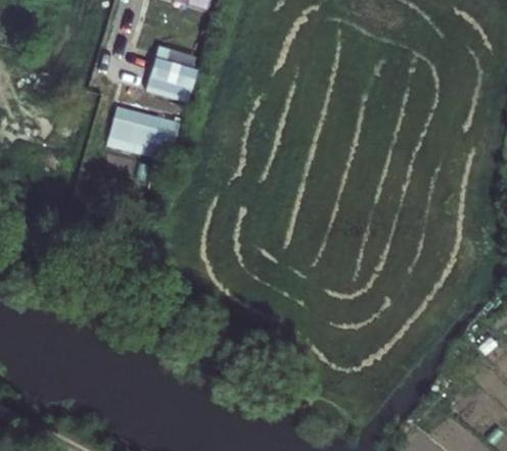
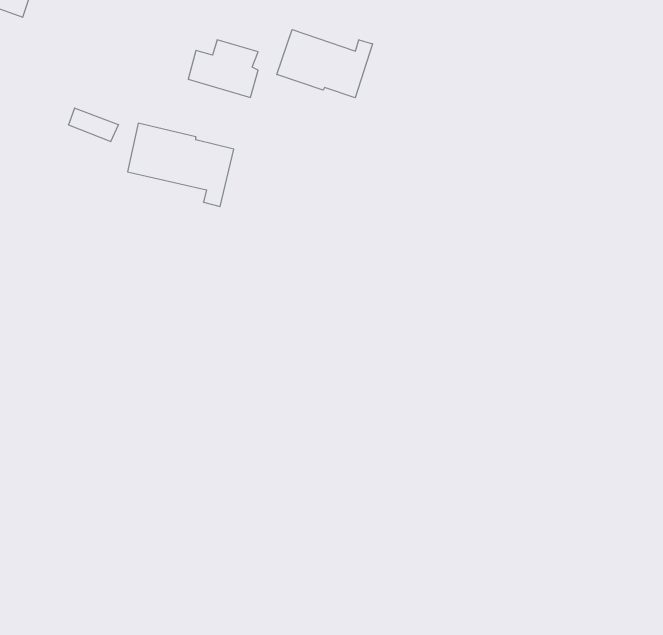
building: none -> [277,30,373,98]

